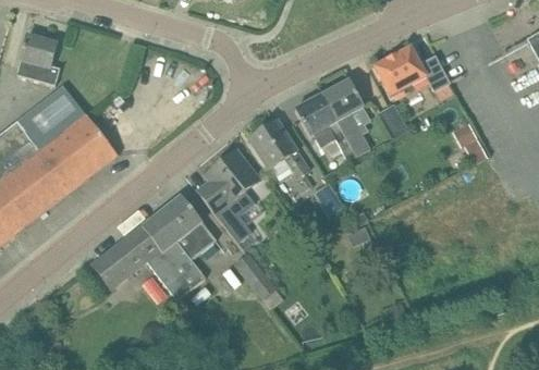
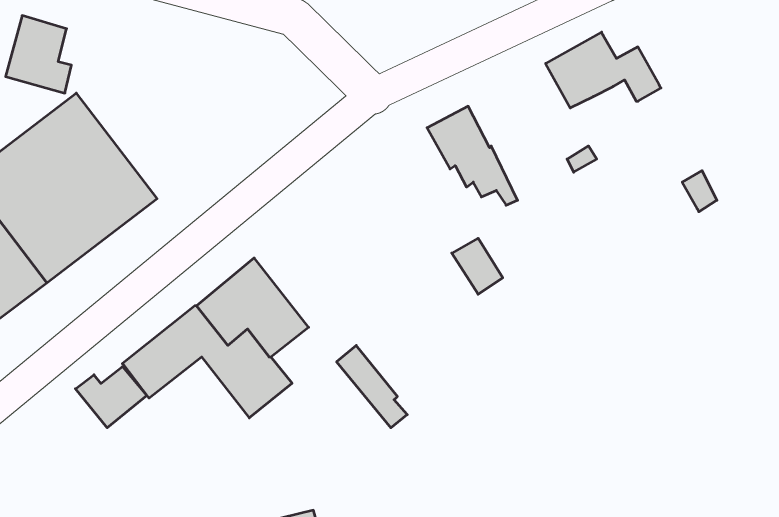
building: [322,78,370,156] -> none
building: [249,119,309,180] -> none
building: [197,149,259,242] -> none
building: none -> [75,367,147,428]

